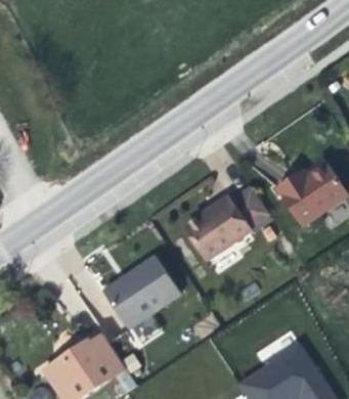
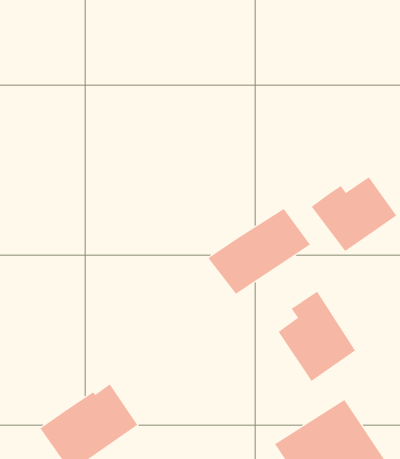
building: none -> [278,291,356,382]
building: [105,260,180,330] -> none

